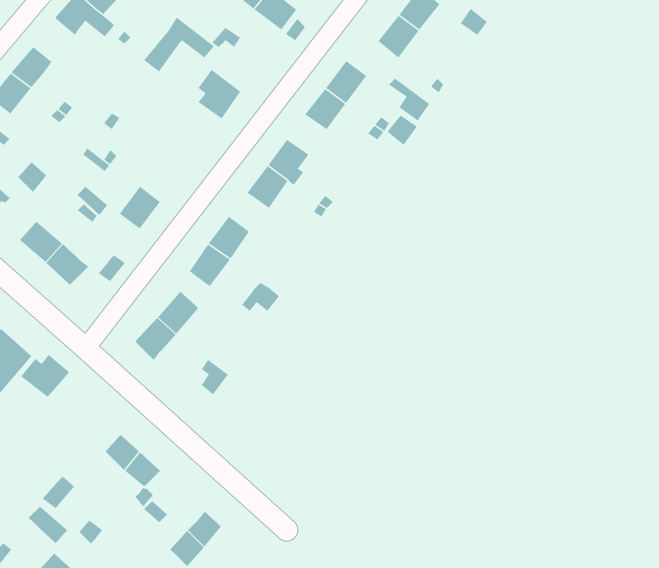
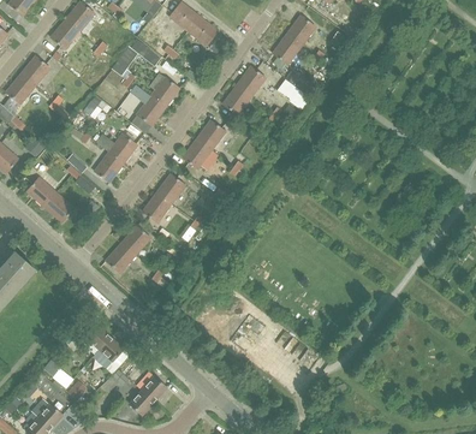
building: none -> [129,84,165,133]
building: none -> [94,133,136,164]
building: [20,354,70,398] -> none

